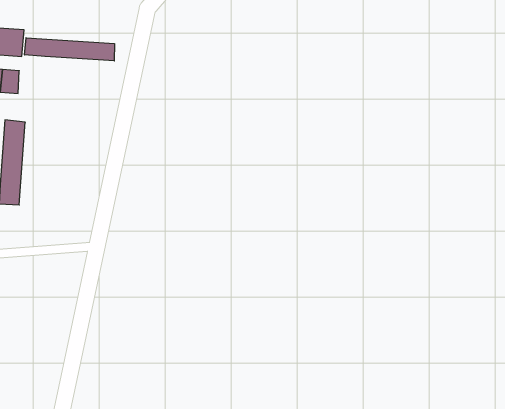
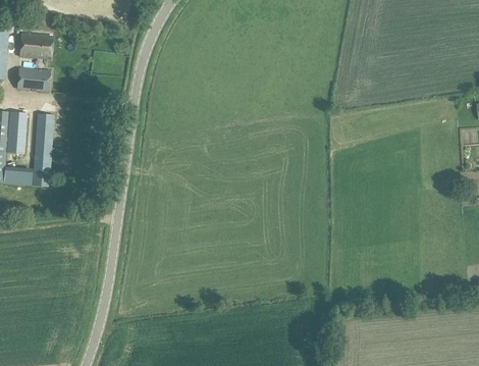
building: [25,38,114,61] -> none

